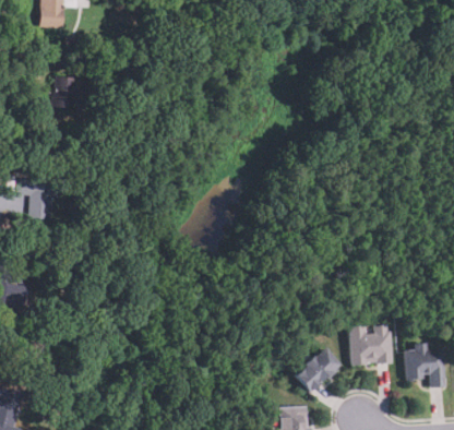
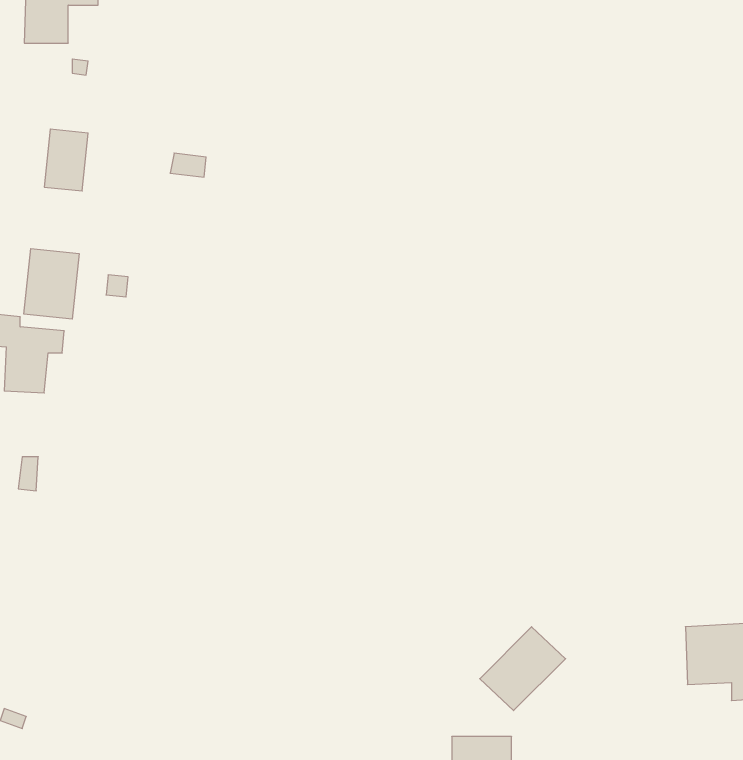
building: none -> [24,249,79,319]
building: [347,325,390,366] -> none

